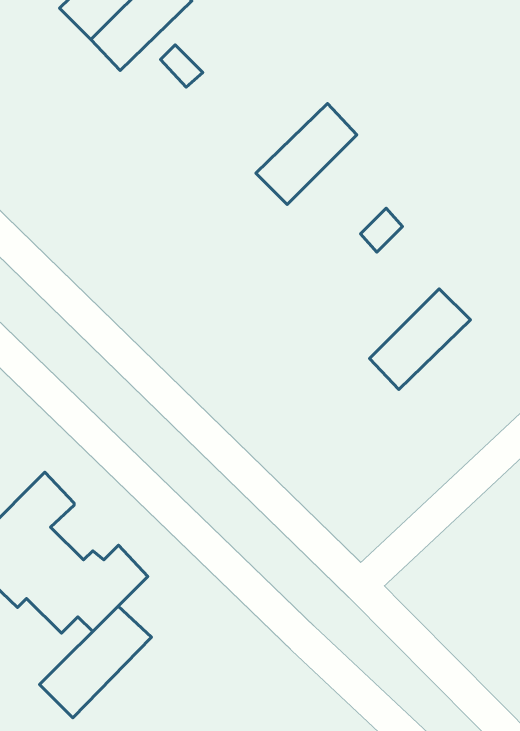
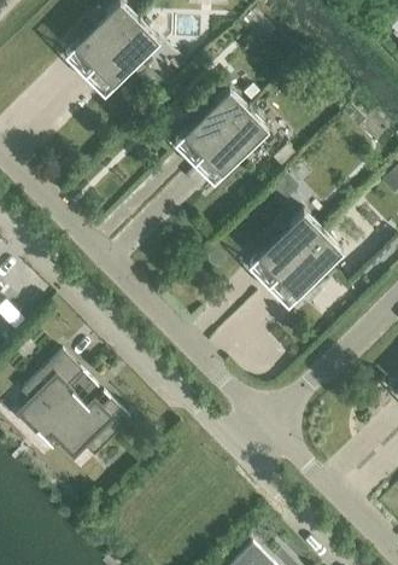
building: none -> [182,89,248,156]
building: none -> [256,211,322,278]
building: [39,606,151,718] -> none

